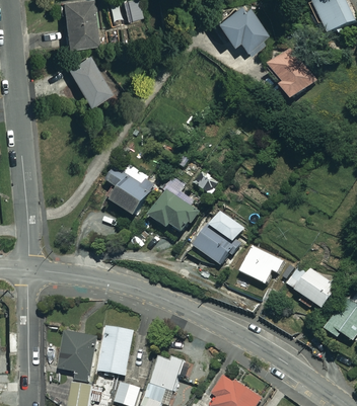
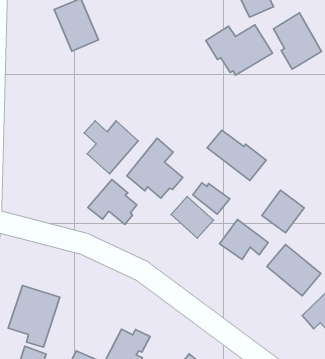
building: none -> [206,25,272,75]
building: none -> [207,130,266,181]
building: none -> [262,190,304,233]
building: none -> [88,180,137,225]
building: [99,328,135,378] -> none

